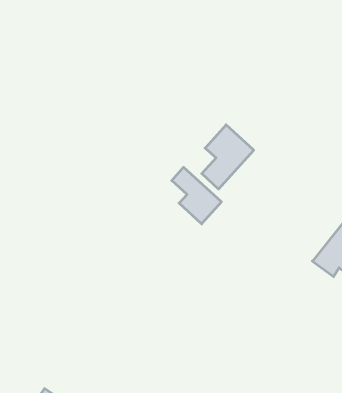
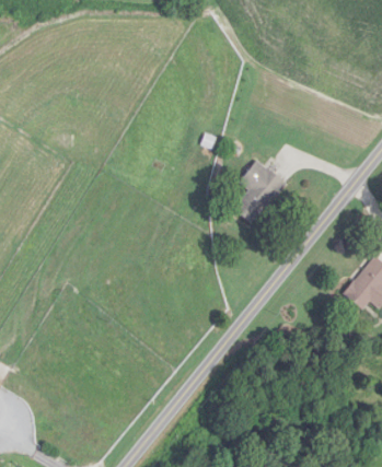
building: [172,167,221,224] -> none

